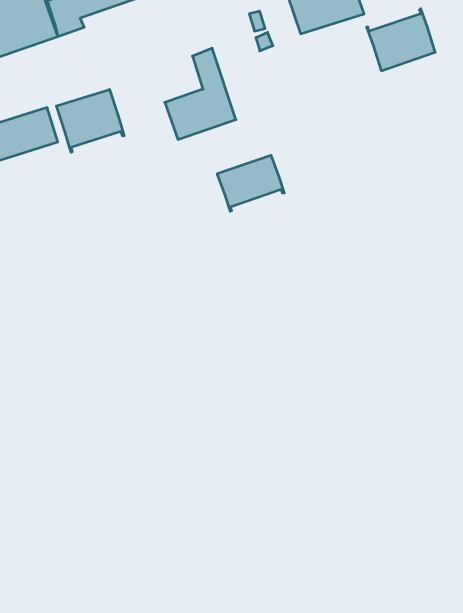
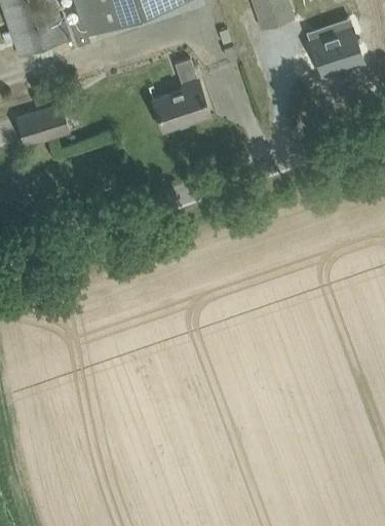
building: [56,89,124,152] -> none
building: [217,155,284,211] -> none

